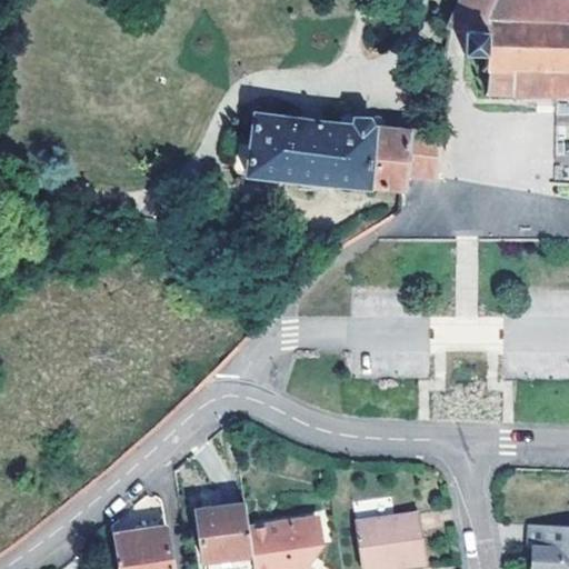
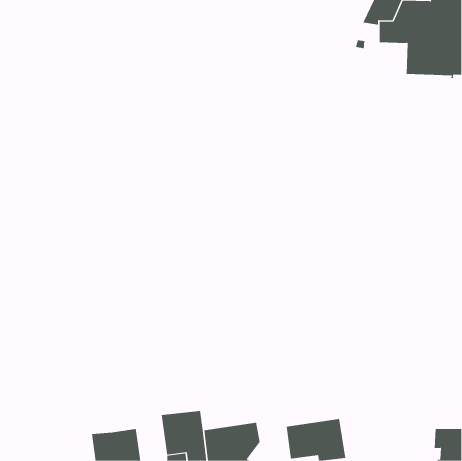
building: [248,107,438,189] -> none

